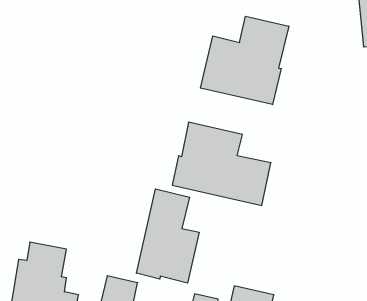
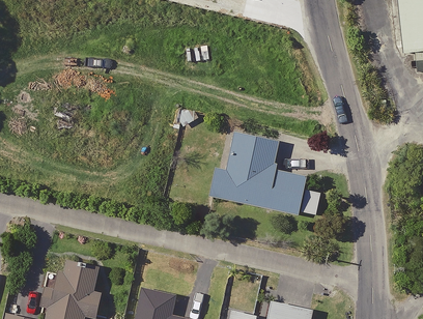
building: [200,16,289,105] -> none
building: [136,189,199,283] -> none

